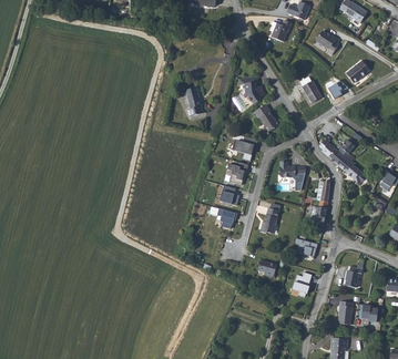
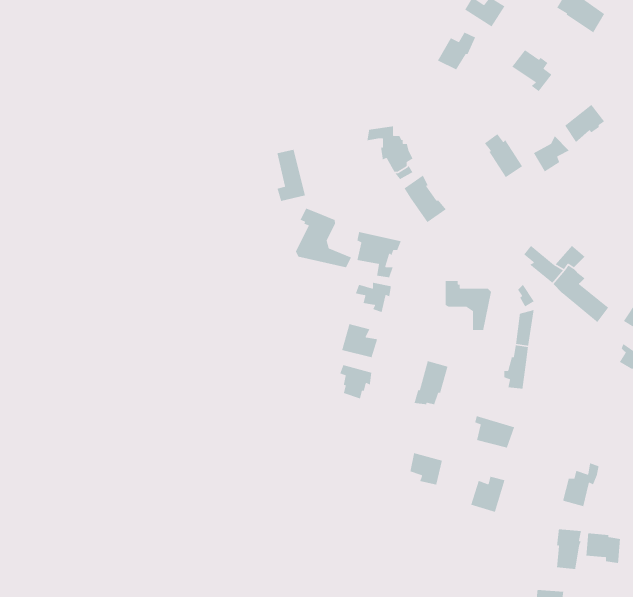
building: none -> [295,207,352,268]

